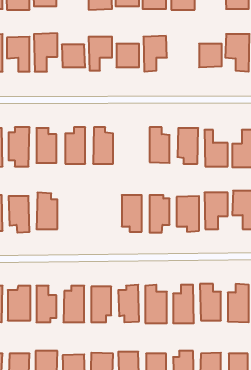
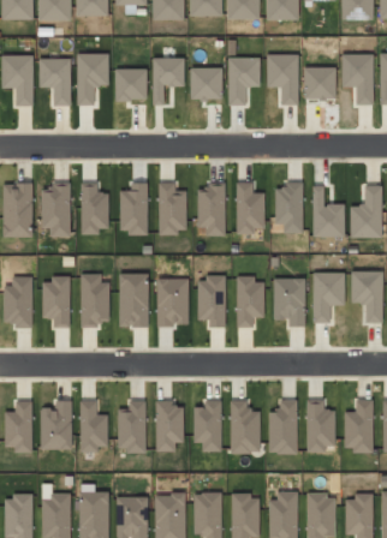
building: none -> [267,54,299,106]
building: none -> [197,183,227,235]
building: none -> [119,274,149,327]
building: none -> [157,277,189,327]

